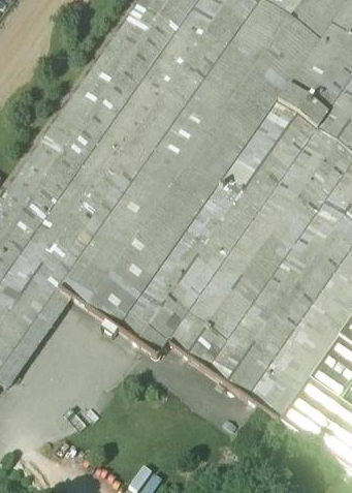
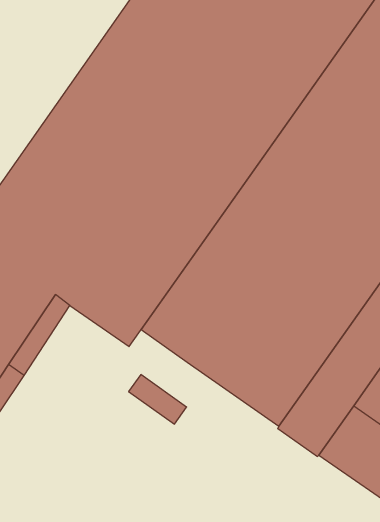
building: [119,310,168,352] -> [129,375,187,424]

